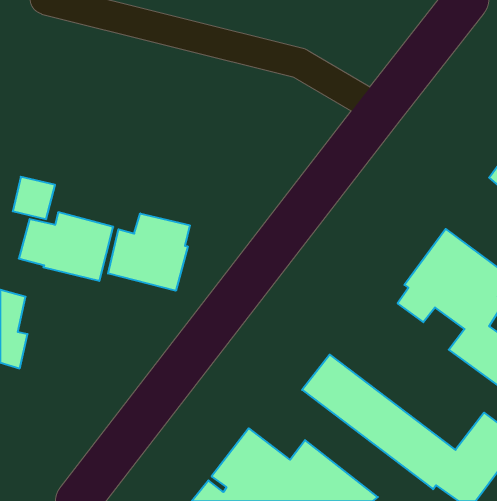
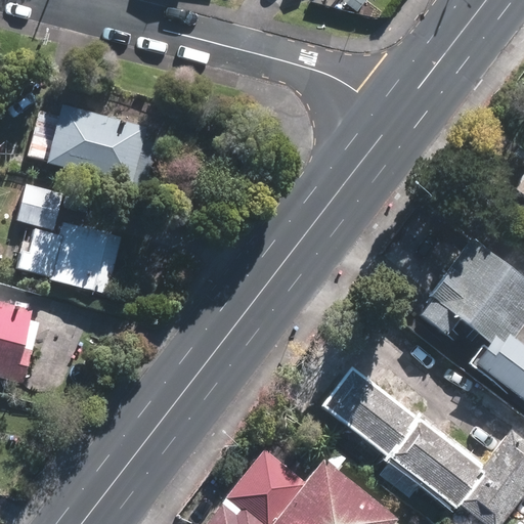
building: none -> [31,105,159,189]
building: [108,213,190,291] -> none

